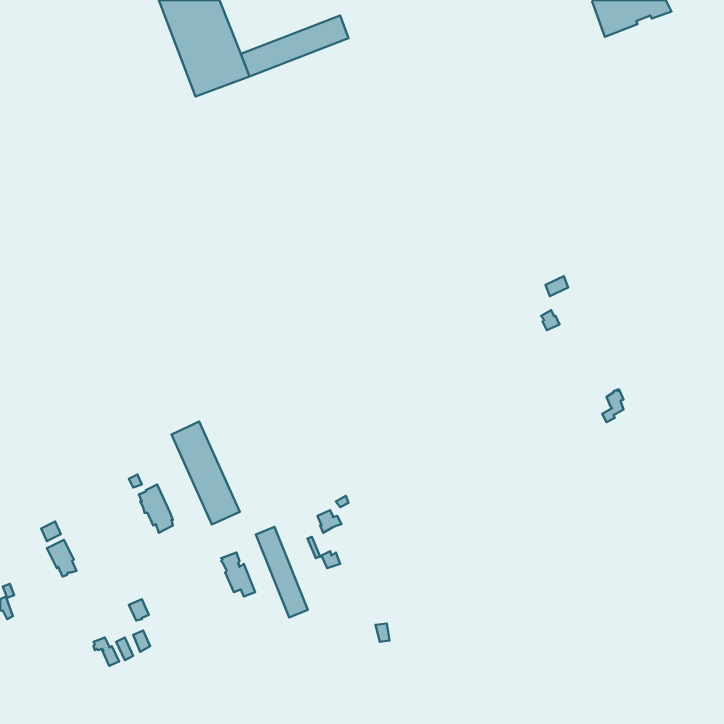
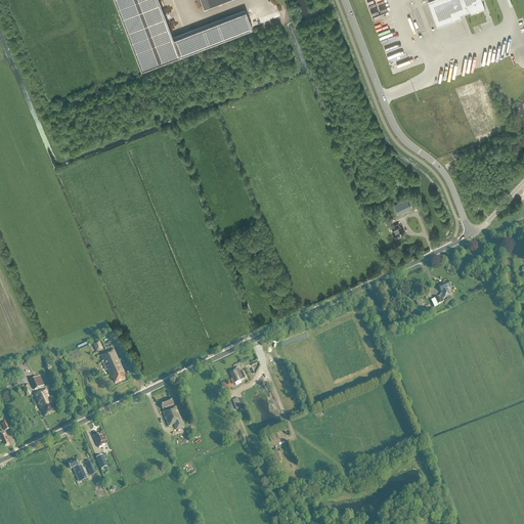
building: [171,422,240,525] -> none
building: [256,527,308,618] -> none

